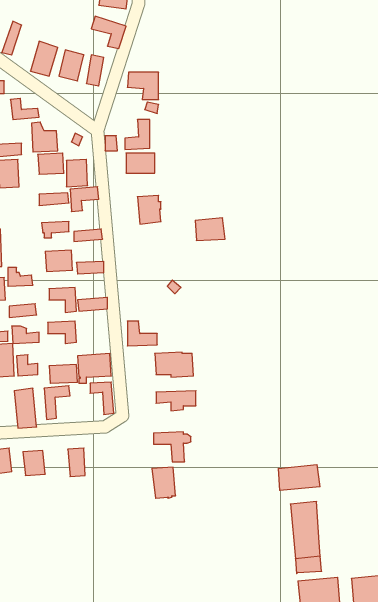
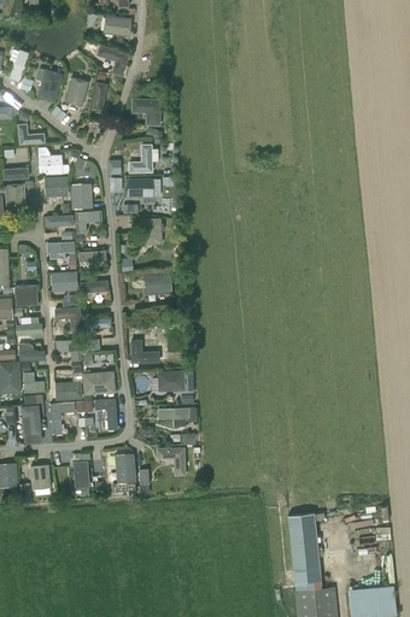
building: [195,218,225,240] -> [144,274,172,295]
building: [278,465,320,490] -> none
building: [152,467,176,498] -> [113,454,136,484]

